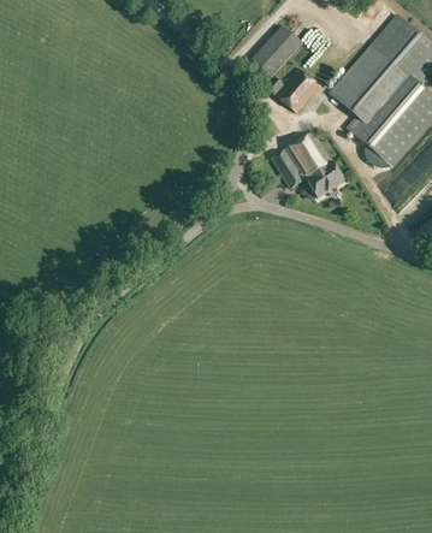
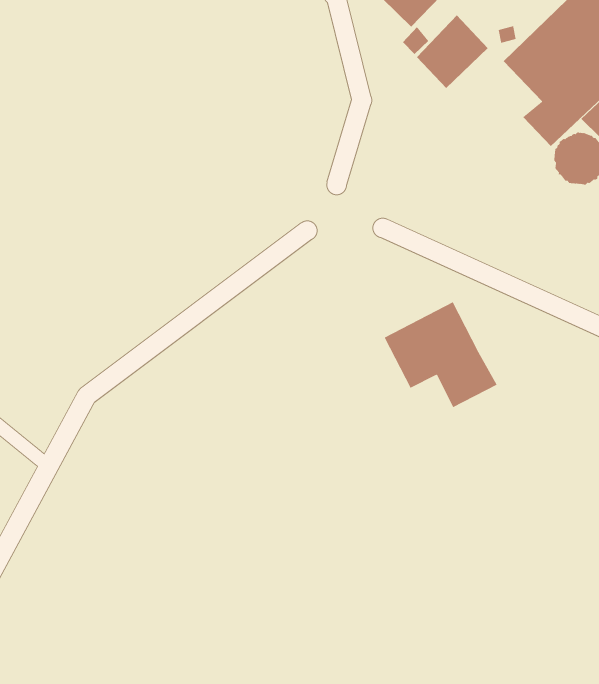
building: [272,132,345,199] -> [384,301,497,408]

